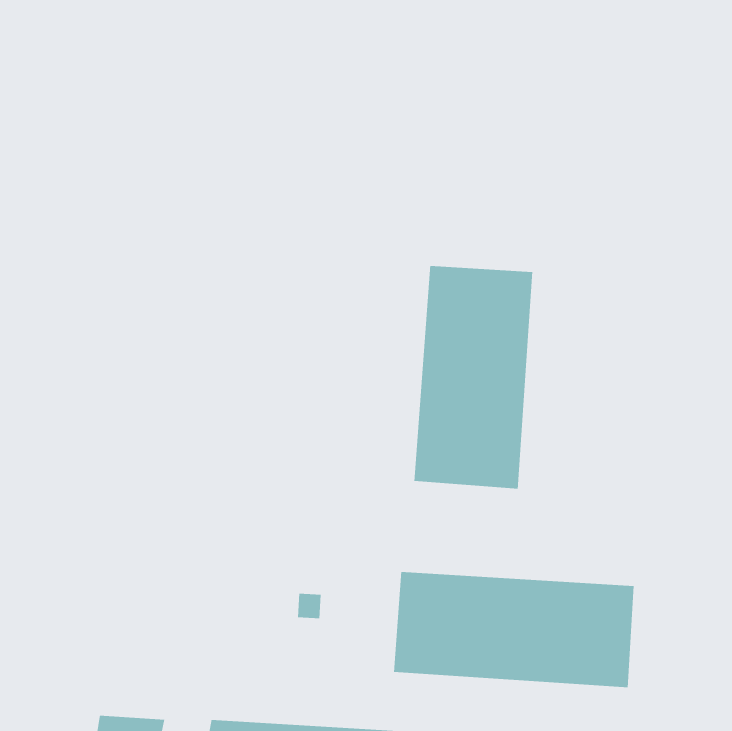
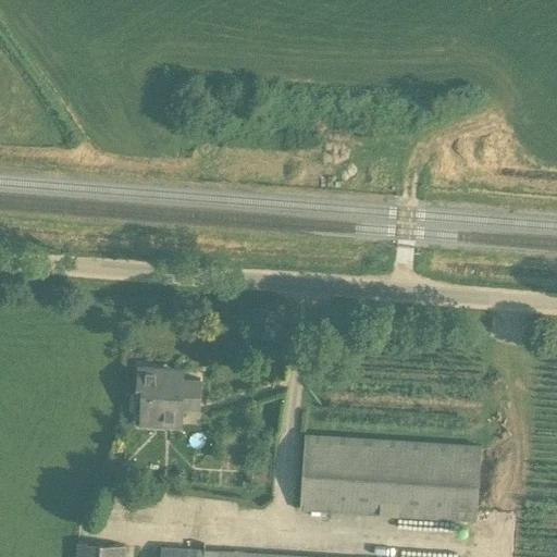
building: [414,265,533,489] -> none
building: none -> [137,369,199,425]

